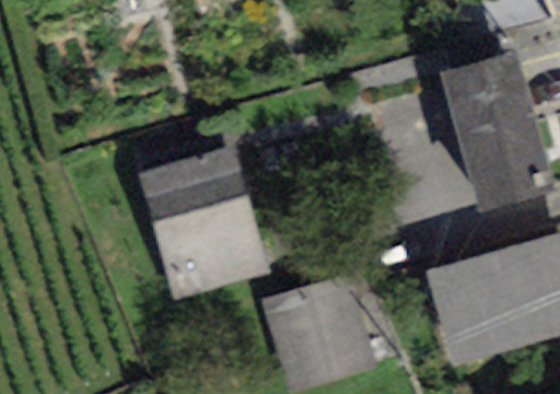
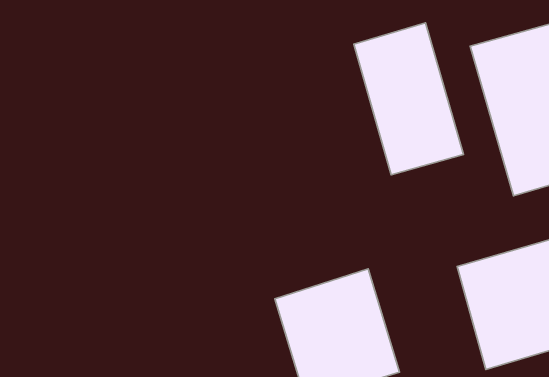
building: none -> [354,23,464,175]
building: [138,146,268,300] -> none

